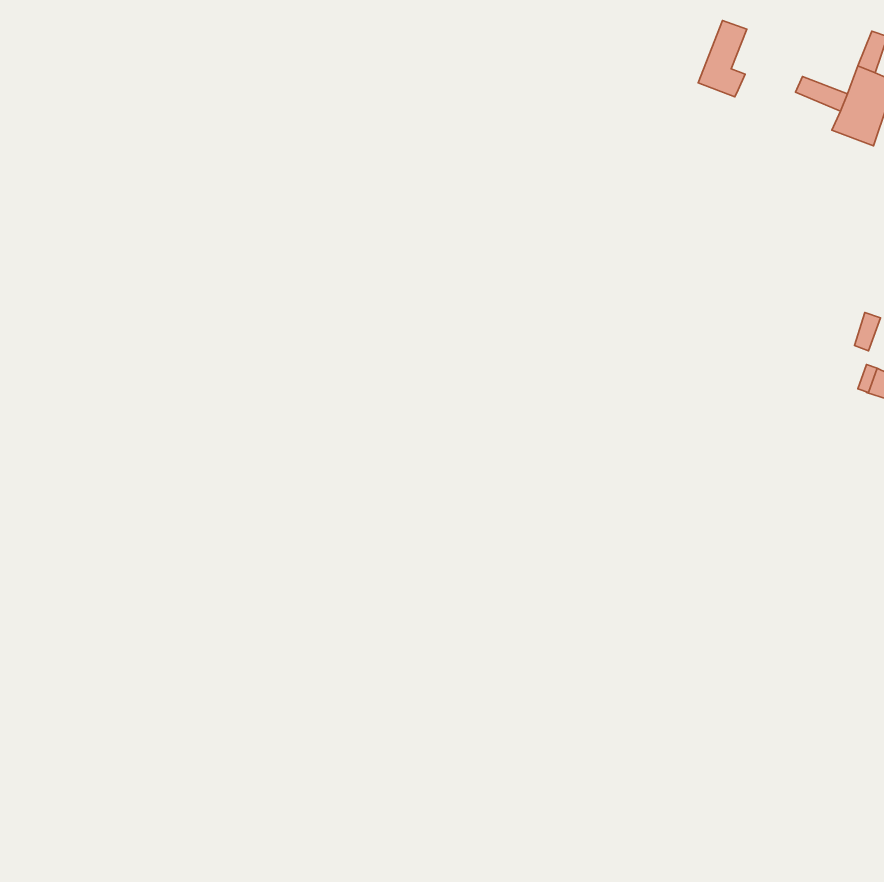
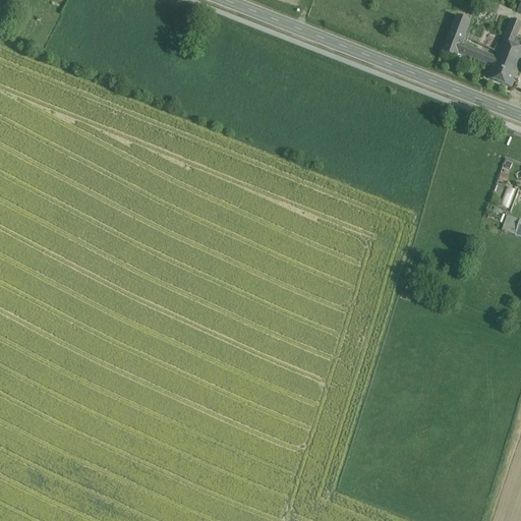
building: [698,20,747,97] -> [445,13,473,58]

